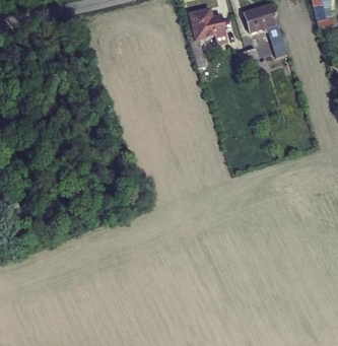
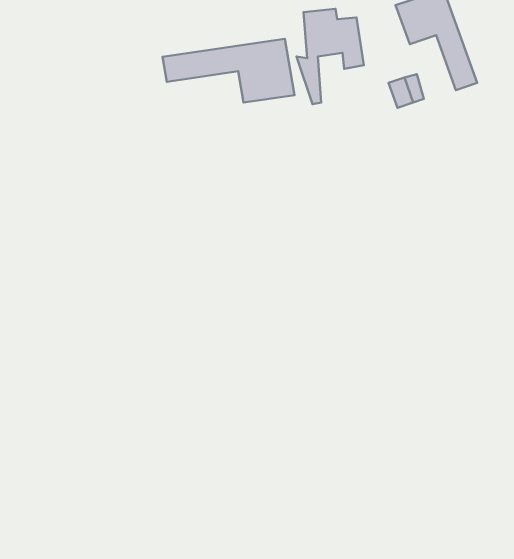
building: none -> [162,39,294,102]

